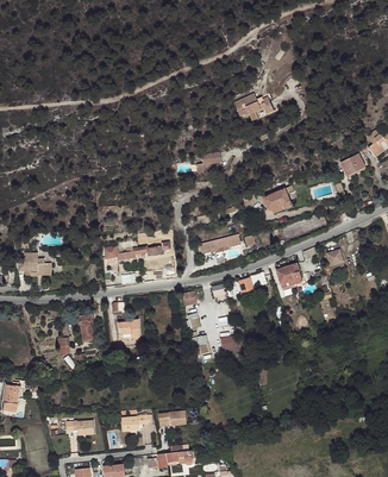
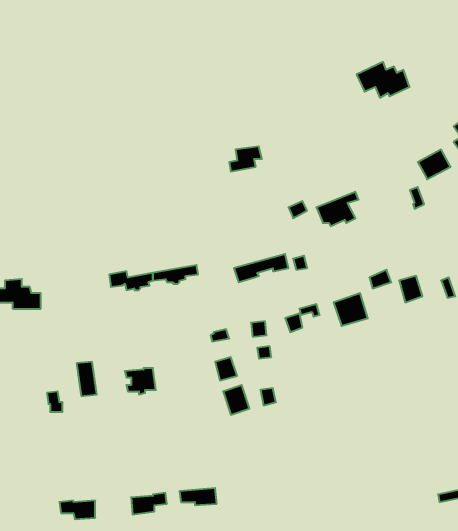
building: [234,93,275,120] -> [357,62,410,98]

